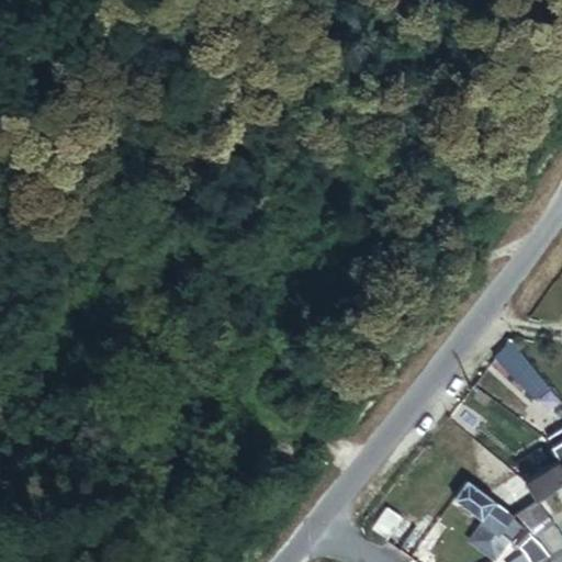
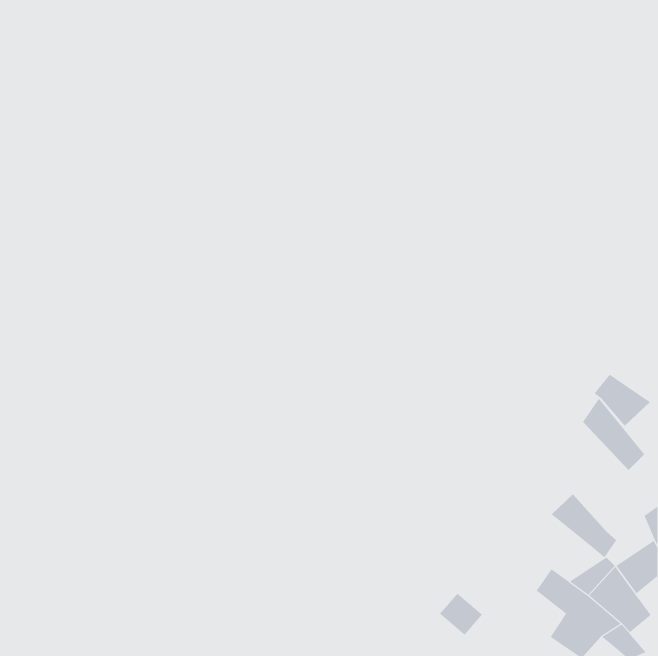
building: none -> [594,374,651,426]
building: none -> [551,494,617,558]

